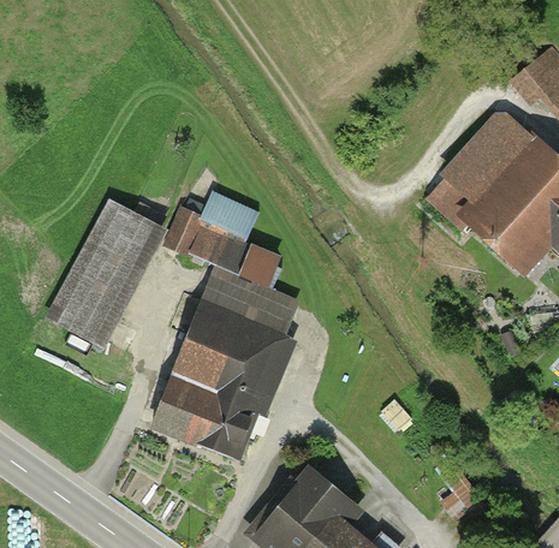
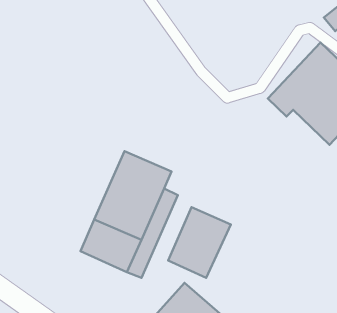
building: [177,185,279,284] -> none
building: [54,208,173,356] -> none
building: none -> [168,207,231,278]

